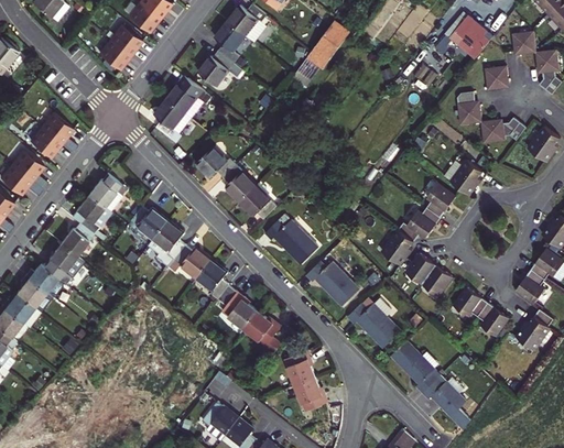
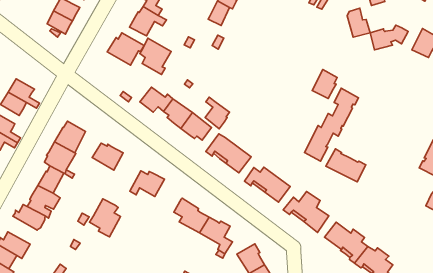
building: [154,98,192,143] -> [140,38,171,74]
building: [451,160,482,195] -> [312,69,337,98]
building: none -> [205,97,229,129]
building: [148,220,185,266] -> [90,199,120,237]
building: [197,259,229,299] -> none
building: [17,275,53,312] -> none
building: [454,287,509,336] -> none

